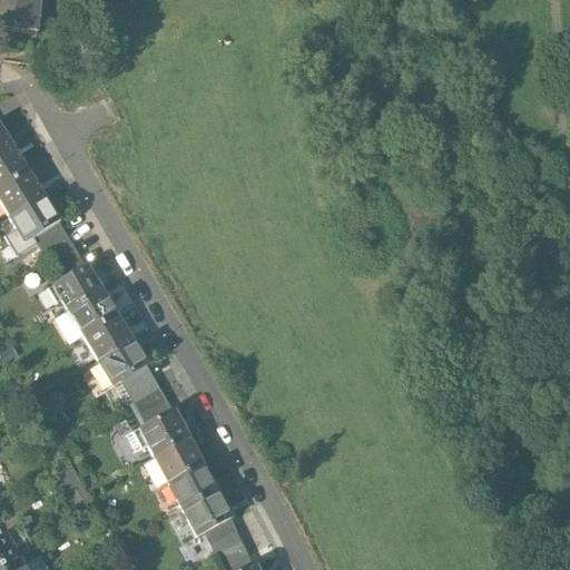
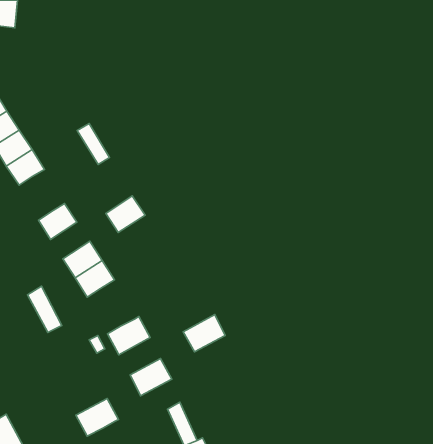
building: [41,219,82,272] -> [77,124,109,165]
building: [65,286,115,333] -> [106,196,145,233]
building: [128,360,171,419] -> [28,286,62,333]
building: [151,433,205,481] -> [183,314,225,352]
building: [179,487,234,534] -> [76,399,119,436]

